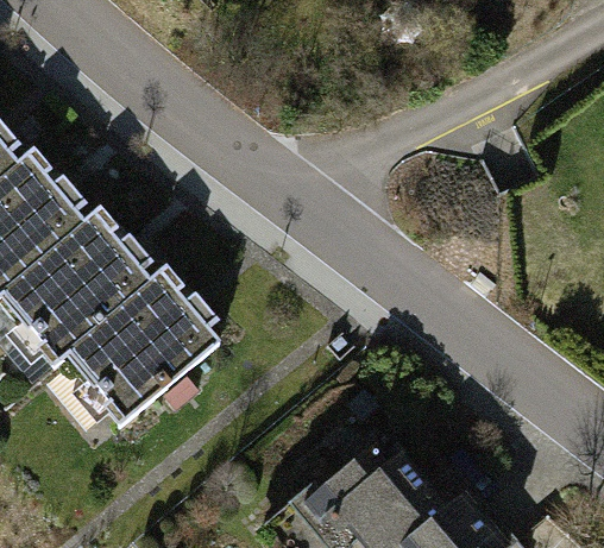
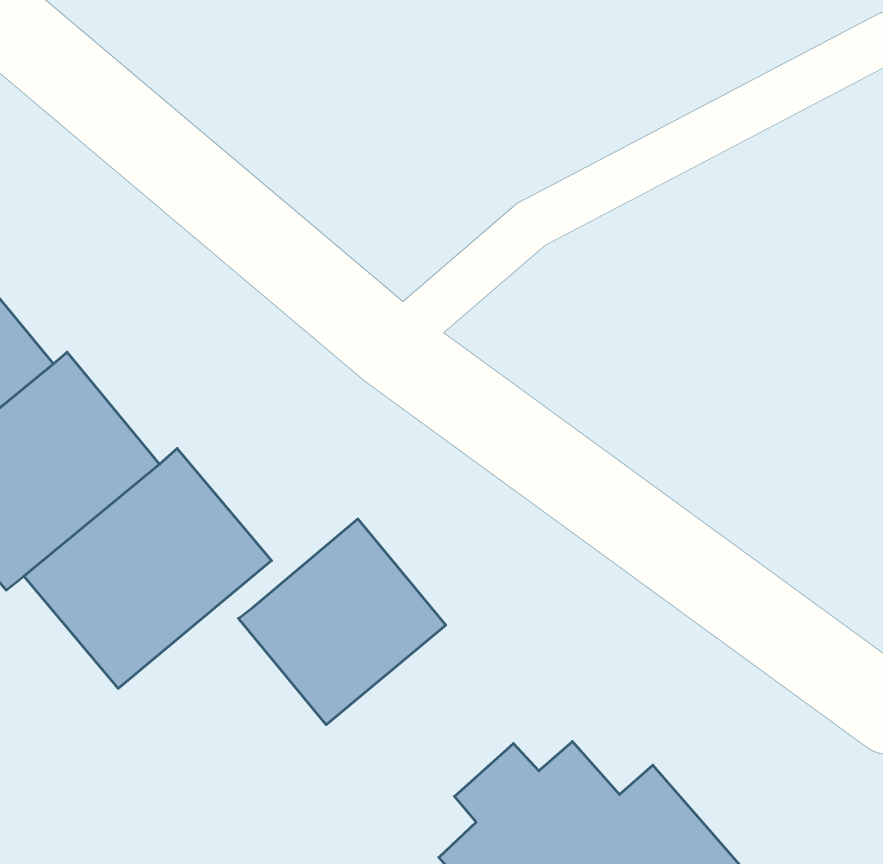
building: none -> [238,519,446,725]

